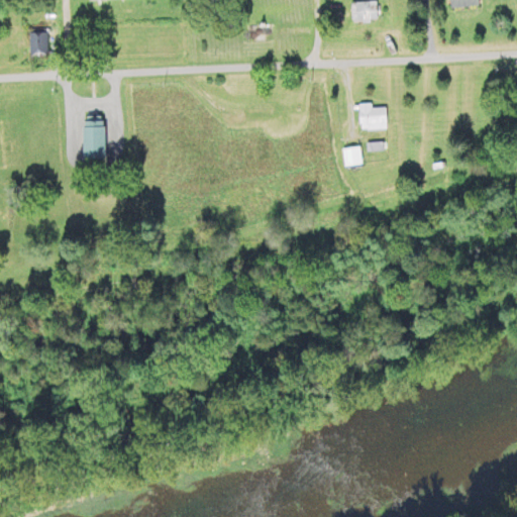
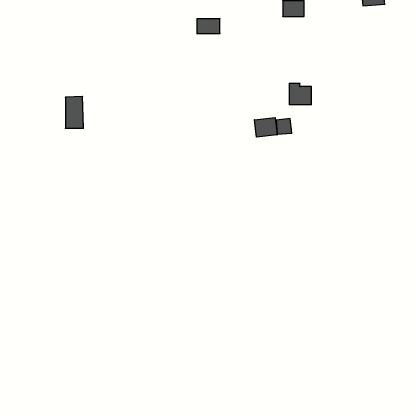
building: [29,30,47,56] -> none
building: none -> [254,118,277,137]

